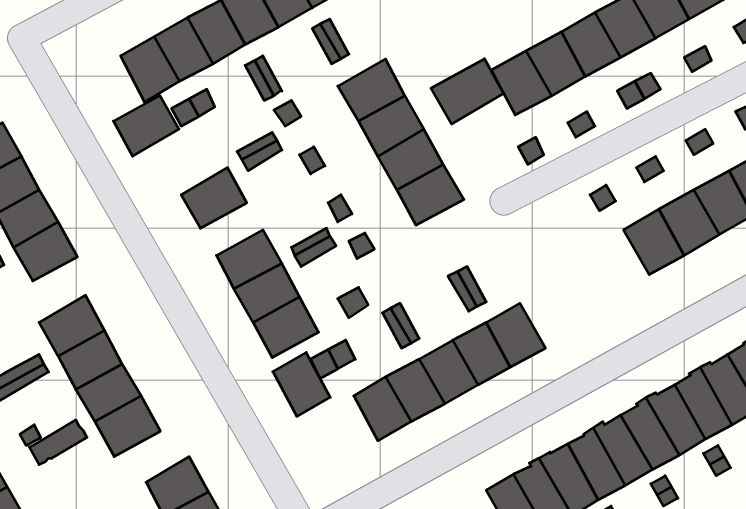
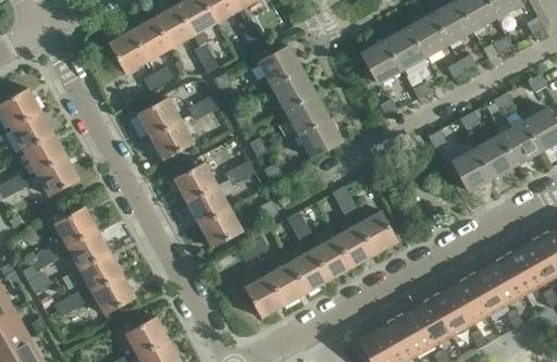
building: [431,59,504,124] -> none
building: [113,96,179,156] -> [136,97,181,138]
building: [273,352,330,416] -> [244,275,283,319]

